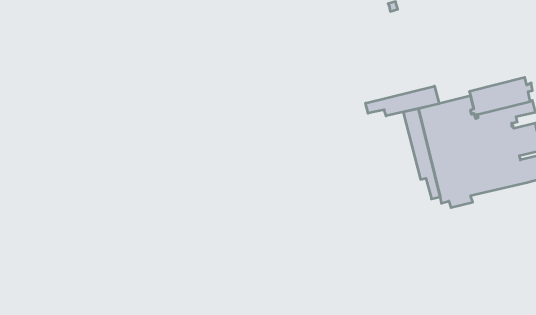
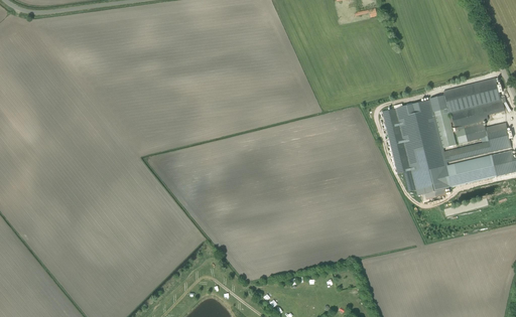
building: [366,86,439,116] -> none

